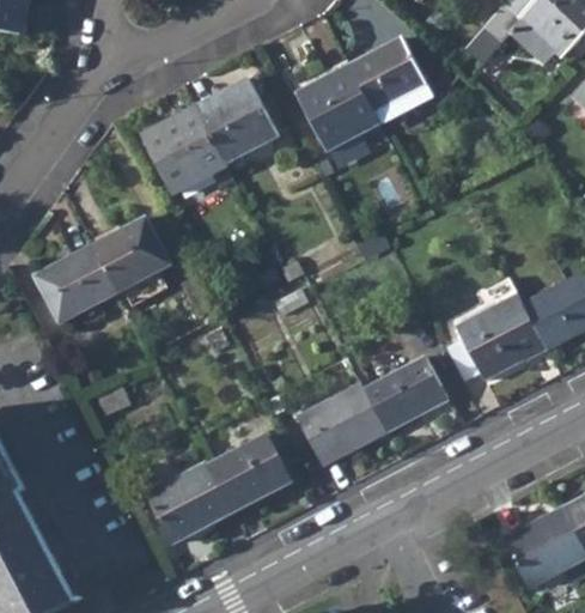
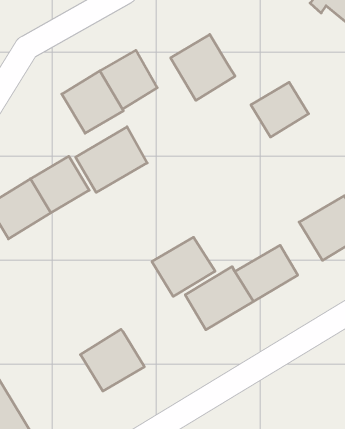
building: [348,36,426,109] -> [251,82,309,137]
building: none -> [76,127,147,192]
building: [207,431,292,510] -> [152,237,215,296]

